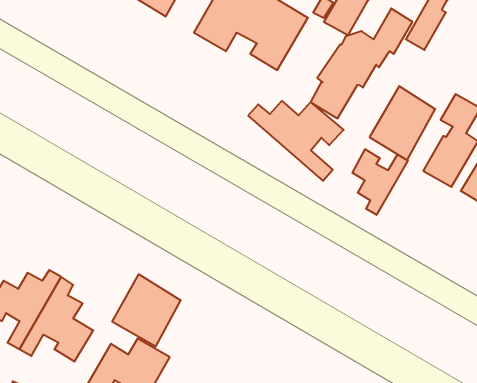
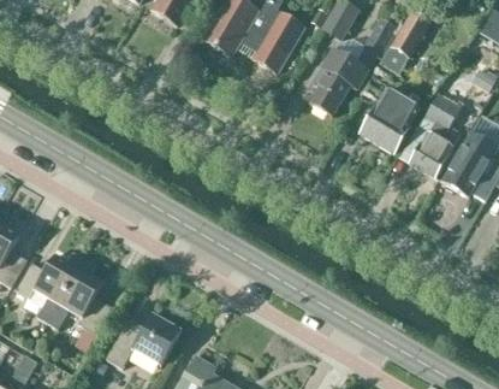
building: [248,101,344,181] -> none
building: [352,149,408,215] -> none
building: [112,274,181,347] -> none

